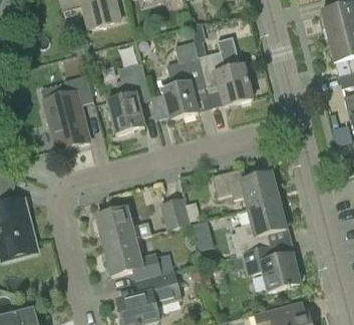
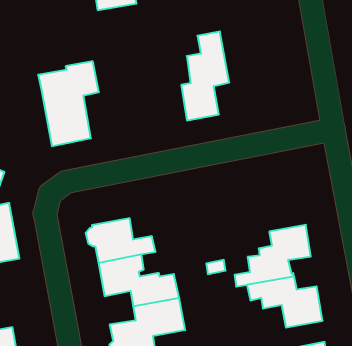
building: [191,23,253,106] -> none
building: [107,61,151,133] -> none
building: [212,167,279,209] -> none
building: [159,197,191,230] -> none

